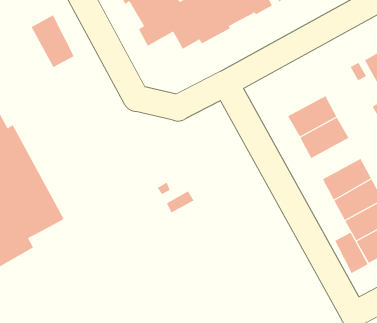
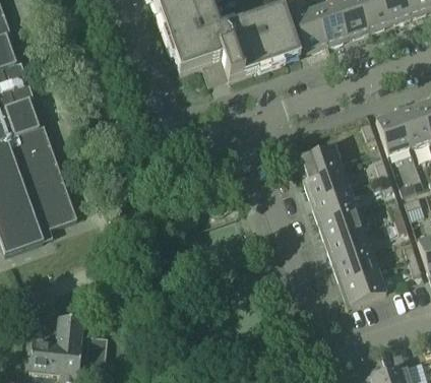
building: [31,15,75,68] -> none
building: none -> [311,188,357,221]
building: [334,232,368,274] -> none

